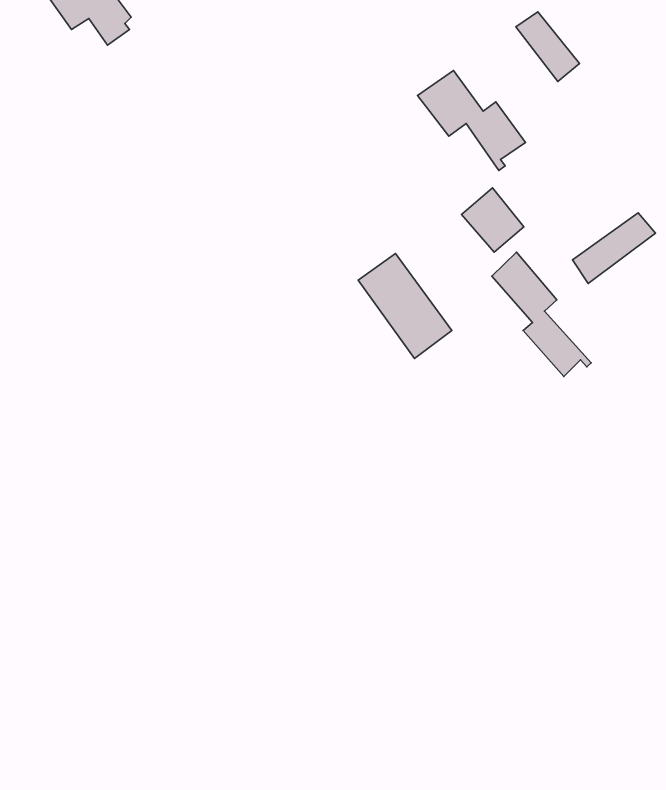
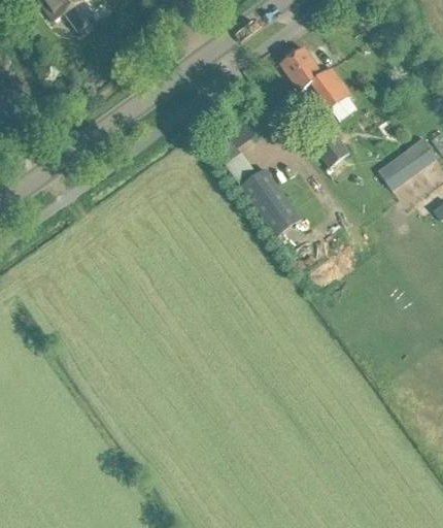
building: [516,12,580,81] -> none
building: [492,252,591,377] -> none

